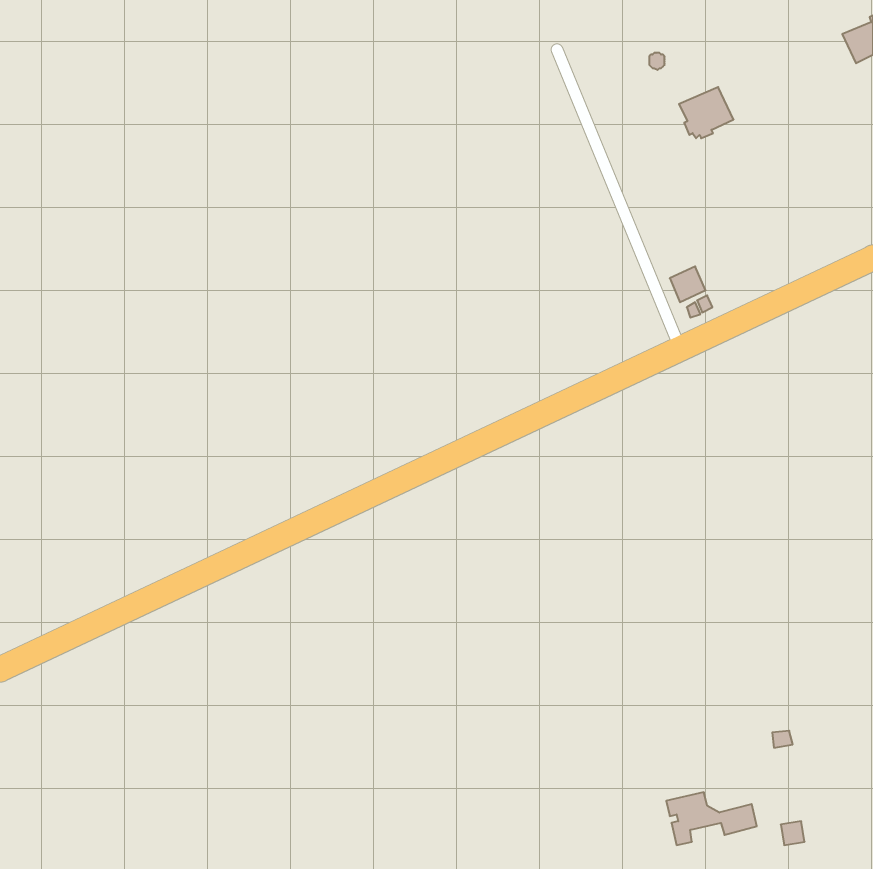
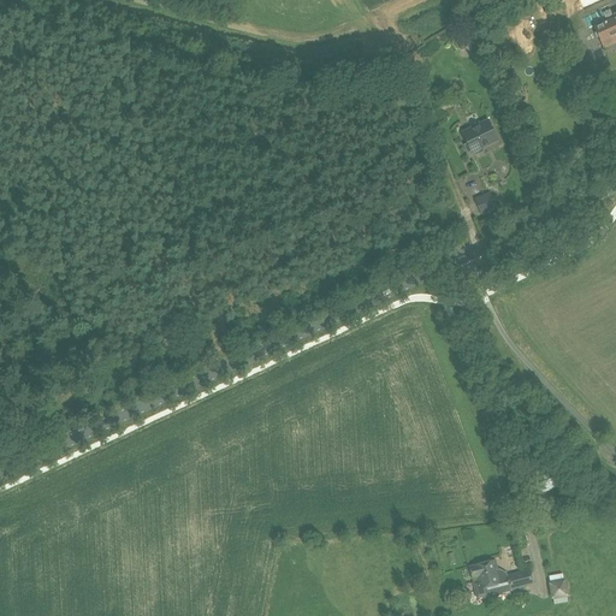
building: [679,87,734,138] -> [460,117,498,153]

